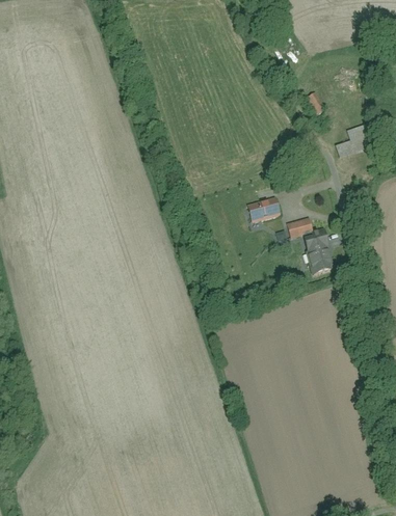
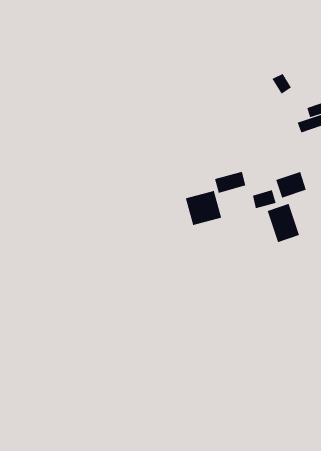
building: none -> [276,171,307,198]
building: none -> [185,190,222,226]

